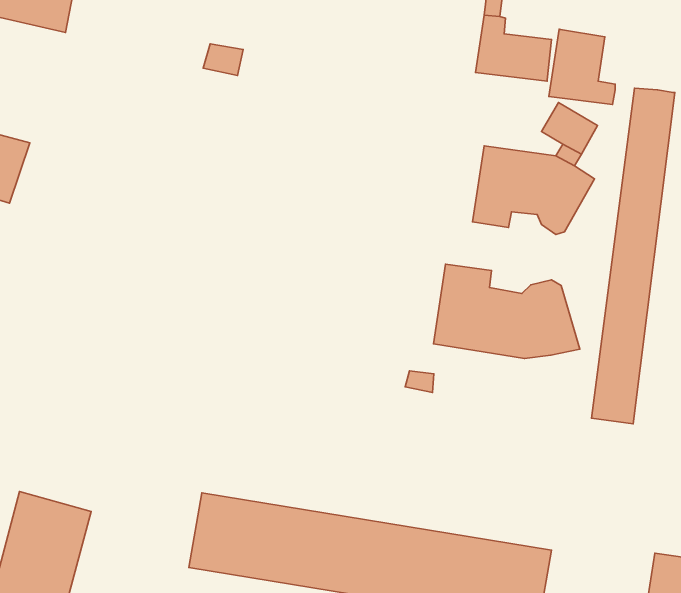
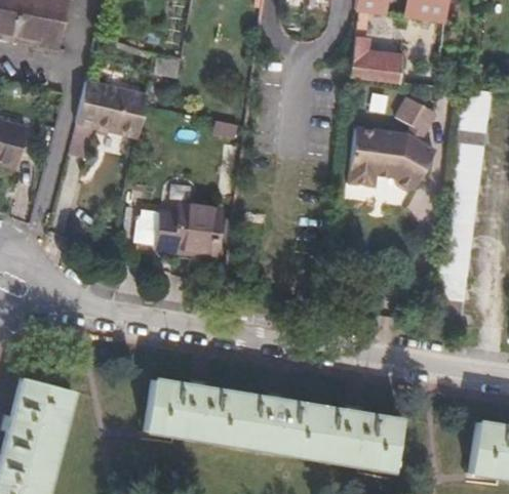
building: [549,29,615,104] -> none
building: none -> [70,81,149,159]
building: none -> [127,206,220,257]
building: [433,264,580,359] -> none

